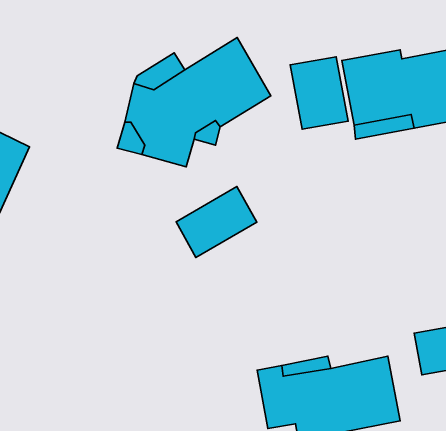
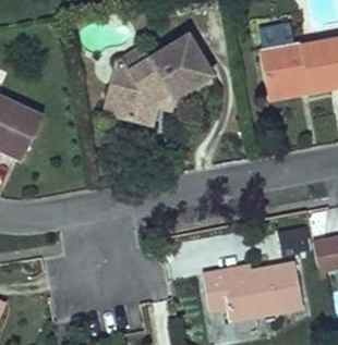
building: [290,57,348,129] -> none
building: [176,187,257,257] -> none

